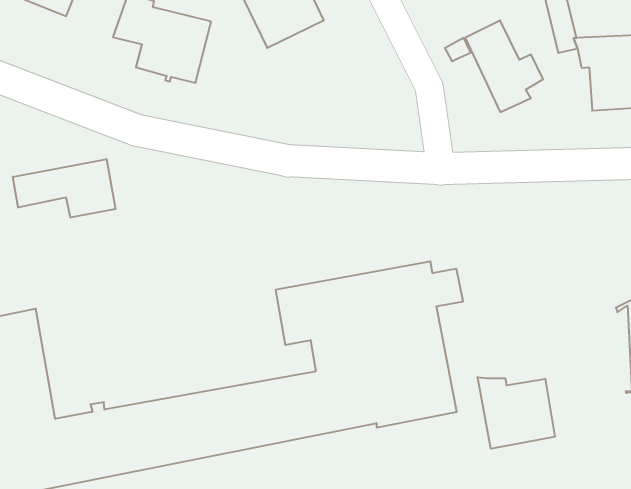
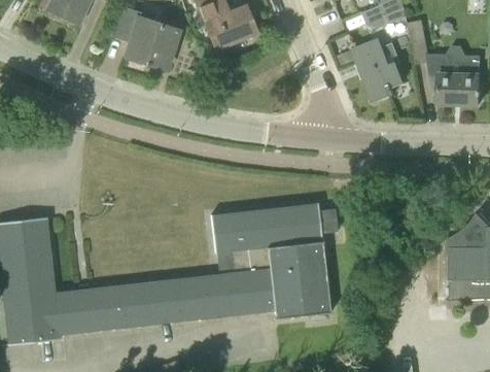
building: [13,159,116,218] -> none
building: [478,377,555,449] -> none

